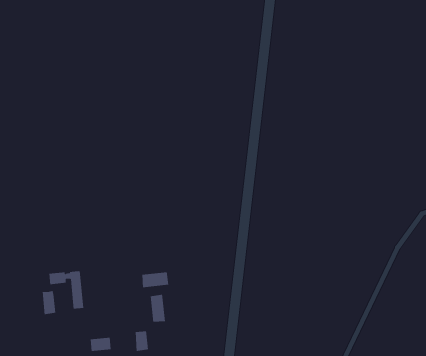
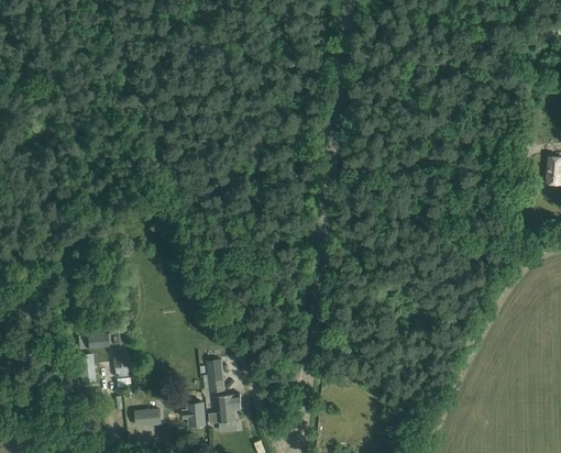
building: [142,272,169,288] -> none
building: none -> [209,393,241,423]

